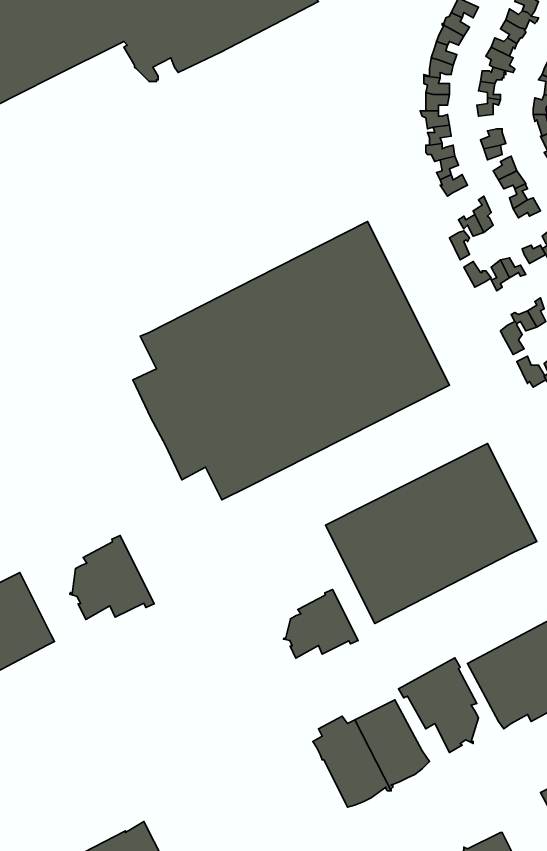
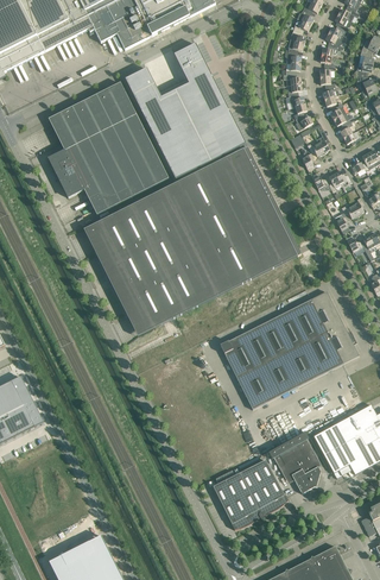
building: none -> [125,43,245,178]
building: none -> [48,82,167,214]
building: [70,535,154,620] -> none
building: [283,589,358,658] -> none

